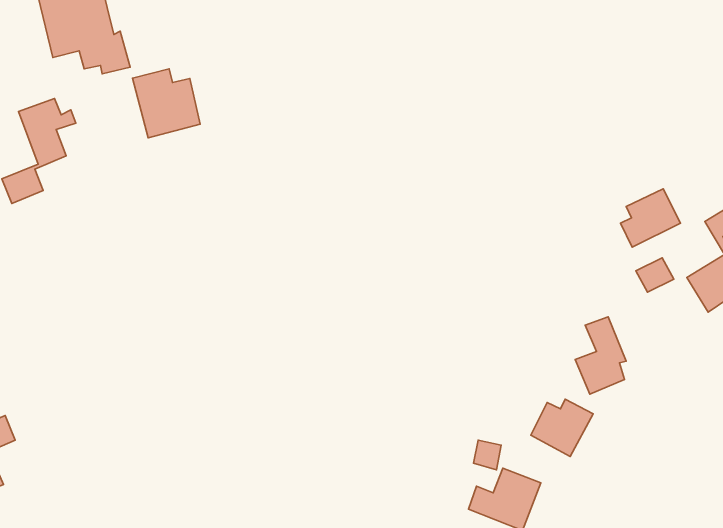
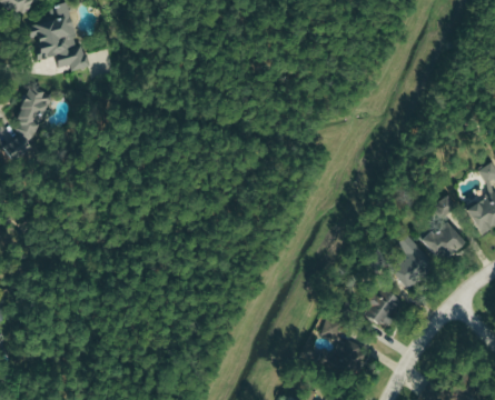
building: [132,69,200,138] -> none
building: [620,189,680,247] -> none
building: none -> [422,219,466,262]

